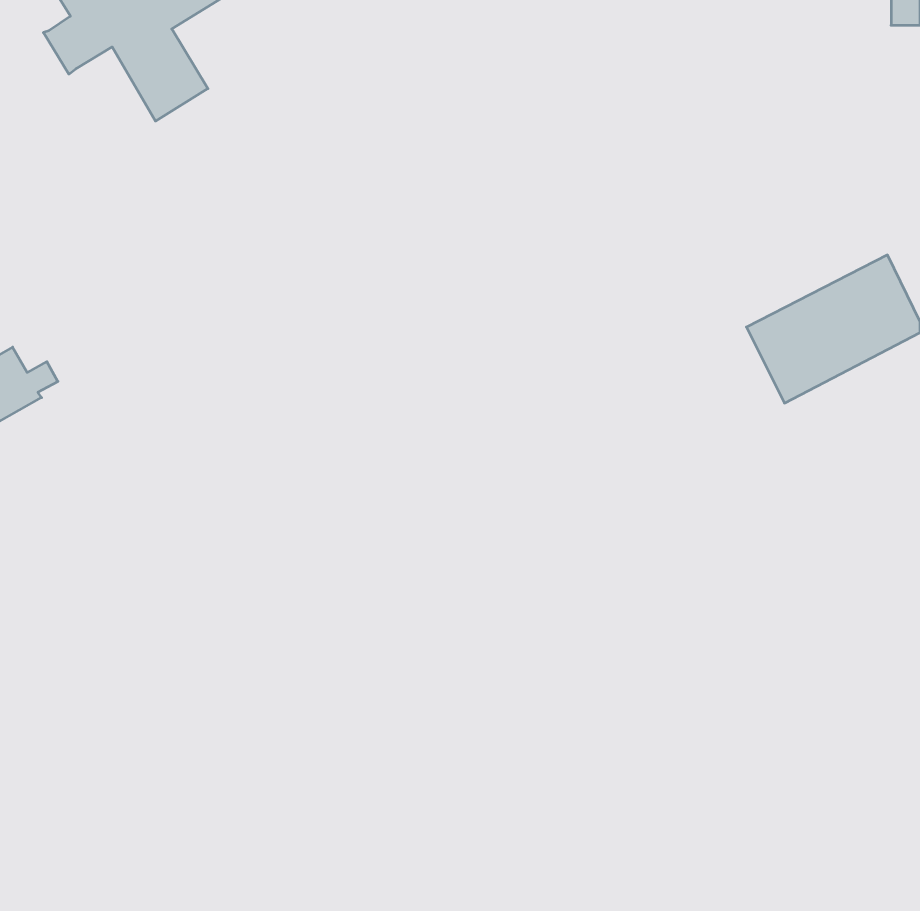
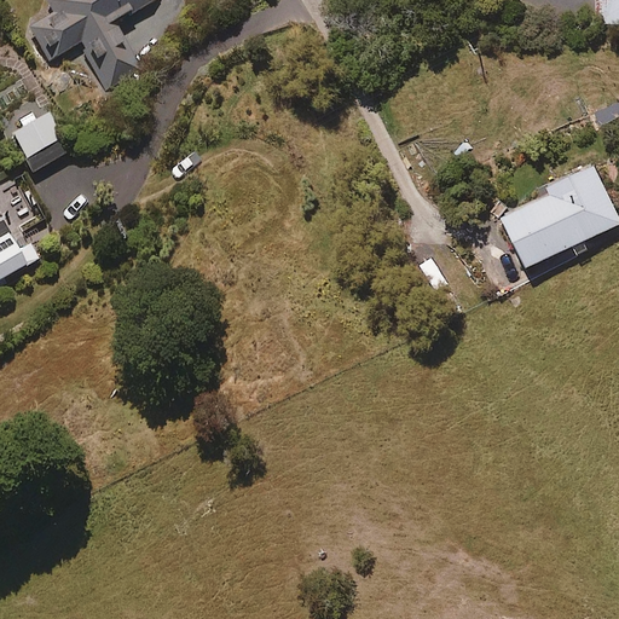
building: none -> [13,115,63,160]

